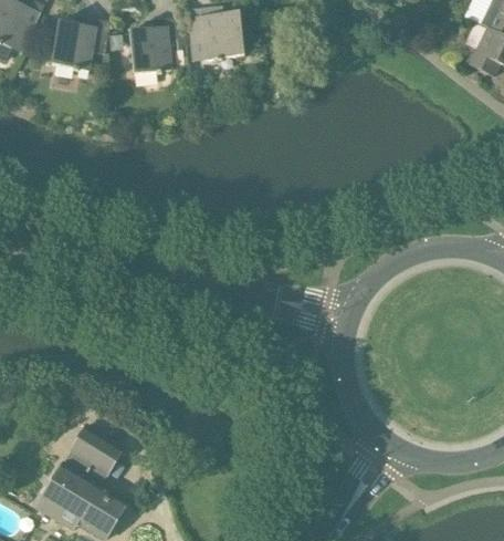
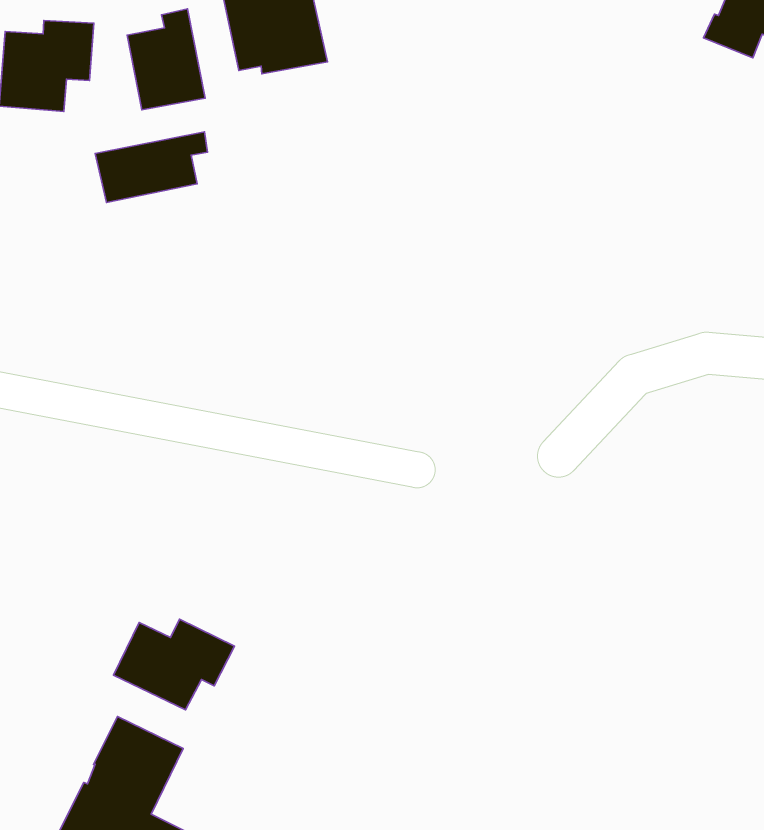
building: none -> [95,132,207,202]
building: none -> [114,619,235,710]

